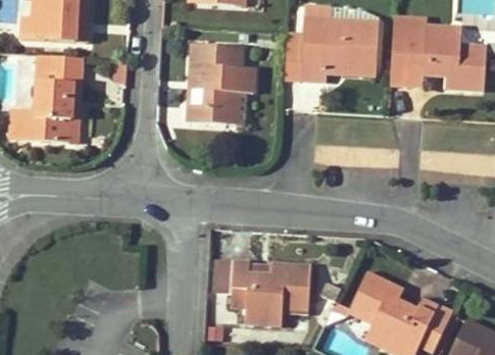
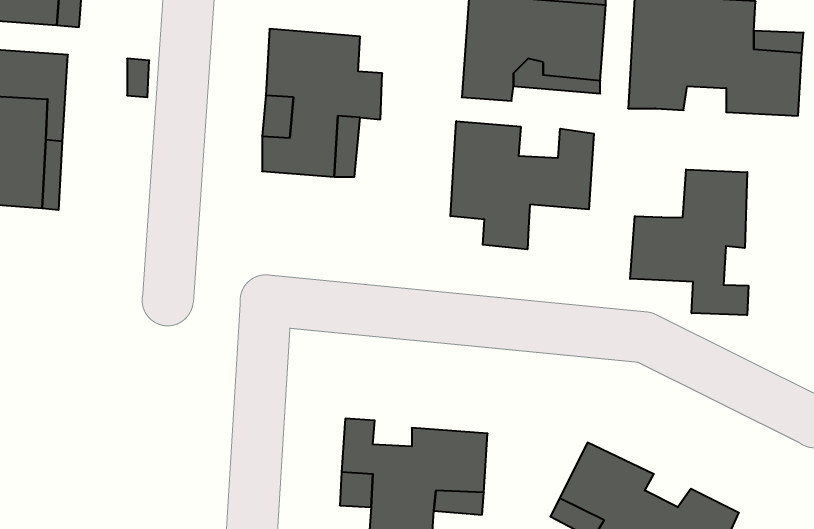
building: none -> [450,121,594,249]
building: none -> [630,169,748,315]

